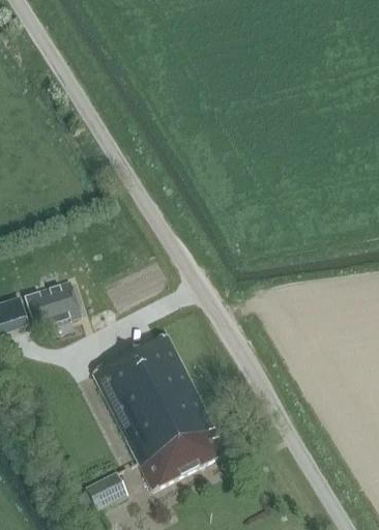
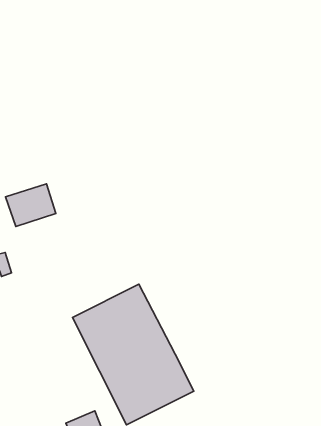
building: [23,281,79,328] -> [5,184,56,227]

